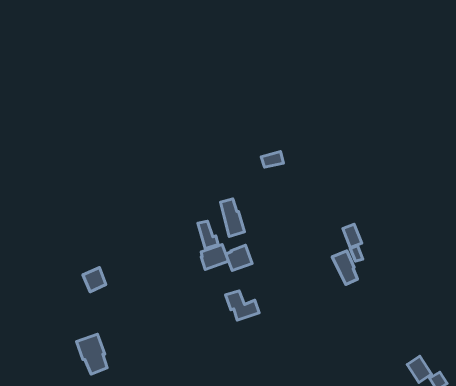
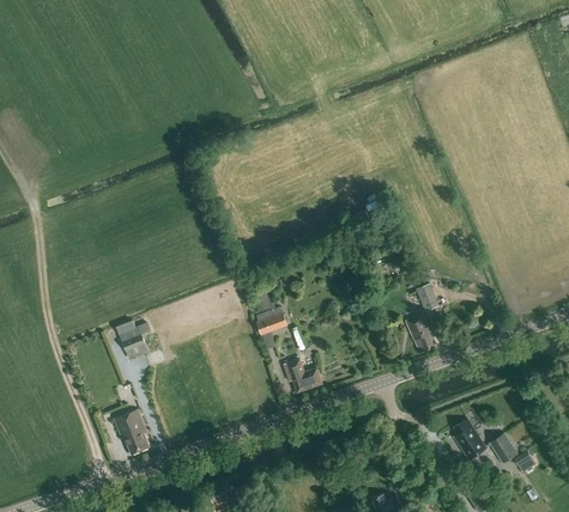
building: [221,199,244,237] -> none
building: [226,245,252,271] -> none
building: none -> [454,421,486,462]

